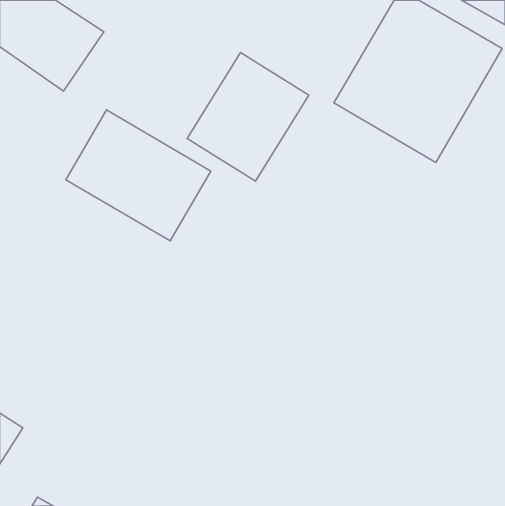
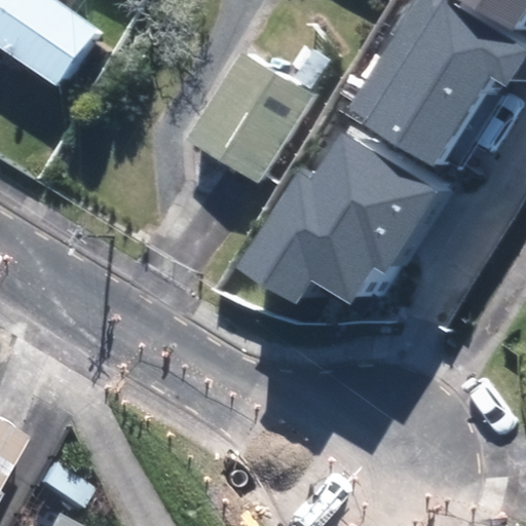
building: [66,110,211,241] -> none
building: none -> [237,126,436,312]

